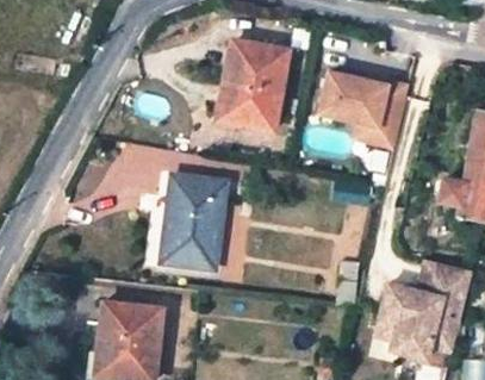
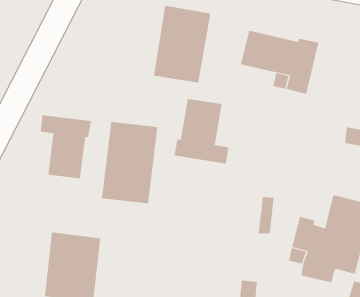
building: none -> [174,98,229,164]
building: none -> [40,114,91,179]

